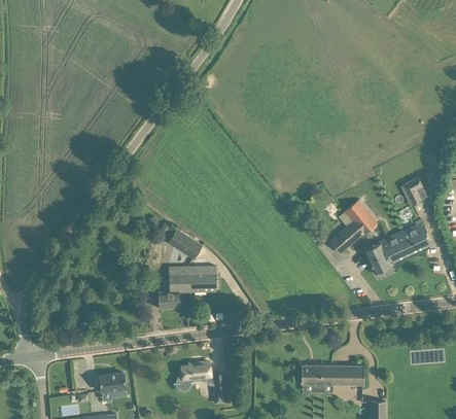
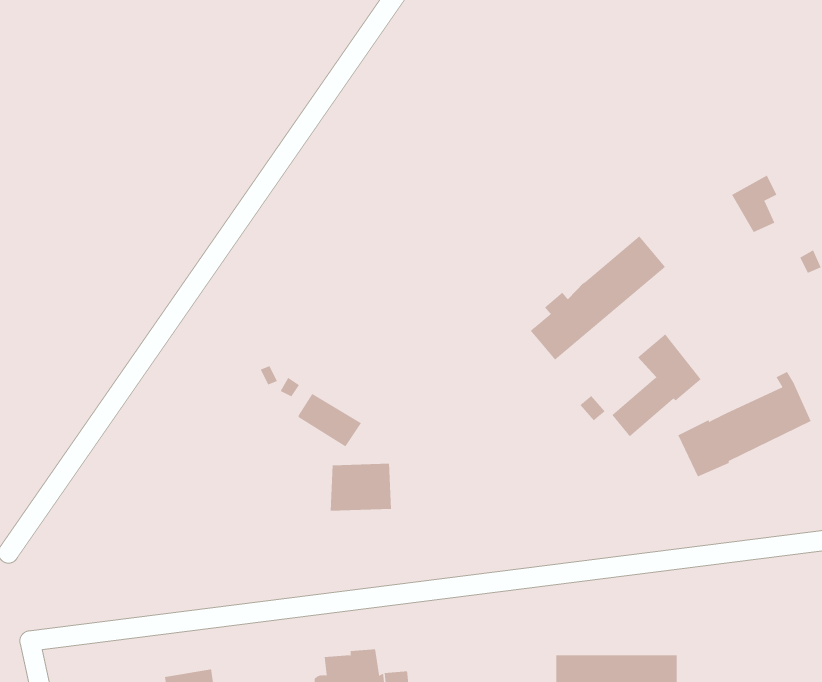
building: none -> [530,235,666,361]
building: [398,176,422,206] -> [731,175,777,233]
building: [157,267,185,308] -> none

